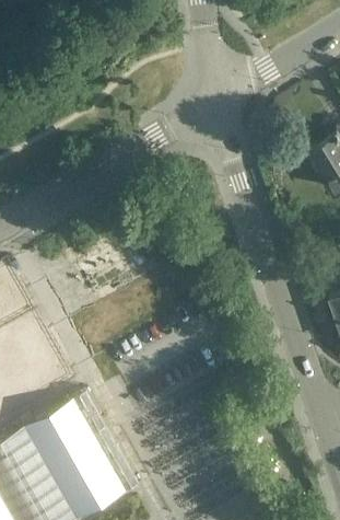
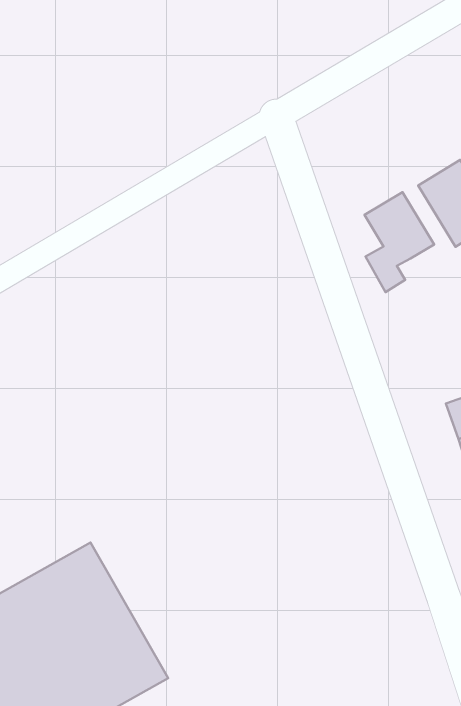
building: none -> [364,192,434,292]

